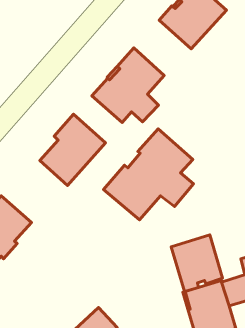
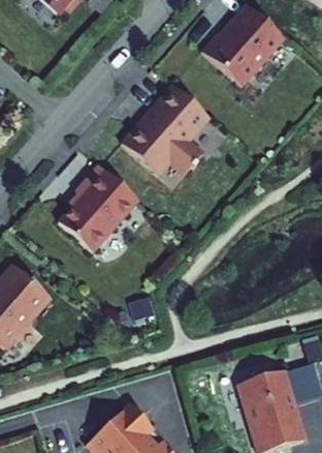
building: [104,129,193,220] -> none
building: [171,235,223,291] -> none

